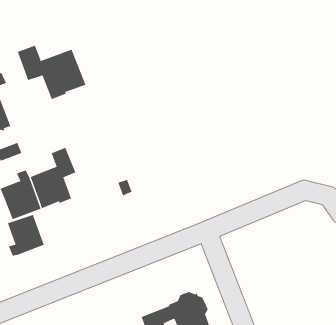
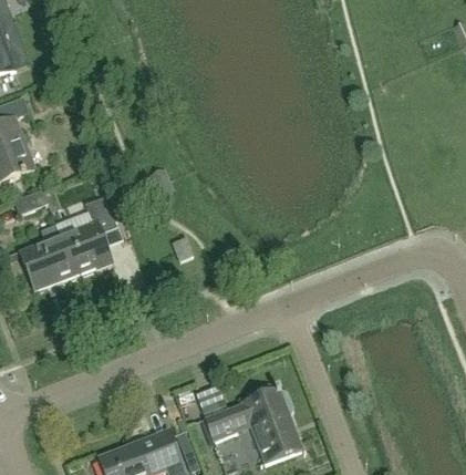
building: [17,45,86,100] -> none
building: [7,214,45,256] -> none

